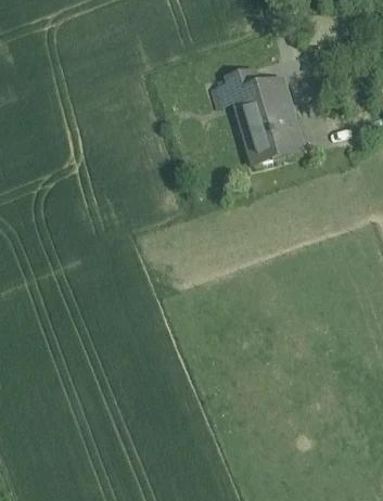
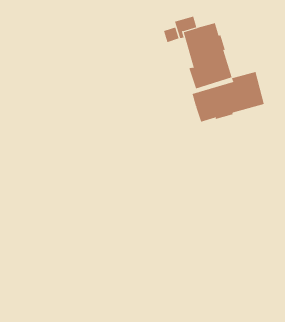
building: none -> [192,71,264,123]

